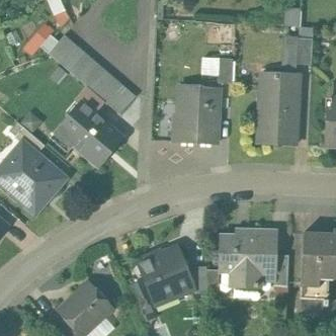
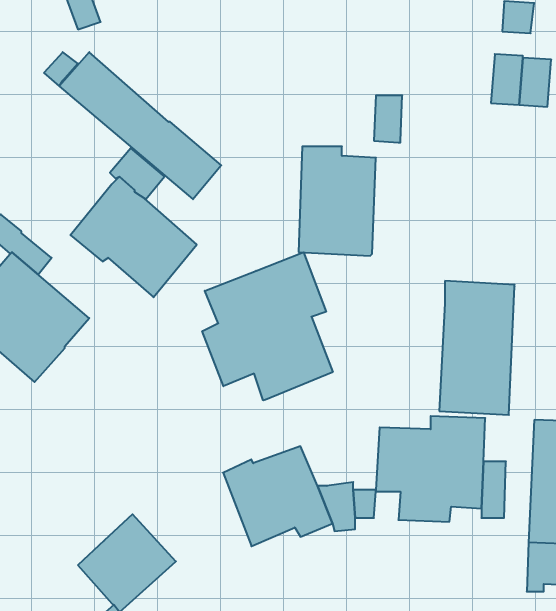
building: [257,72,298,144] -> [439,281,515,415]
building: none -> [202,252,333,400]

